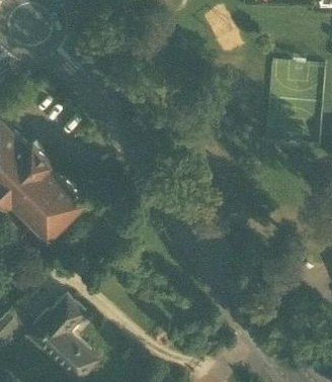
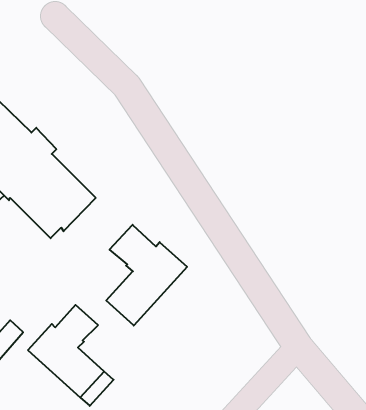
building: none -> [106,225,187,326]

